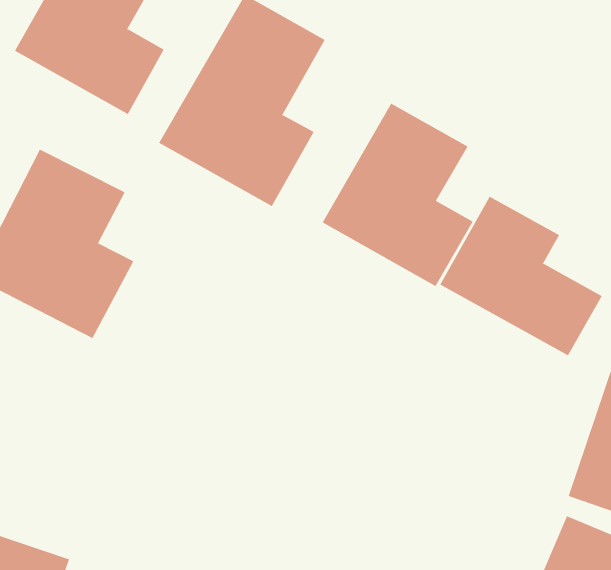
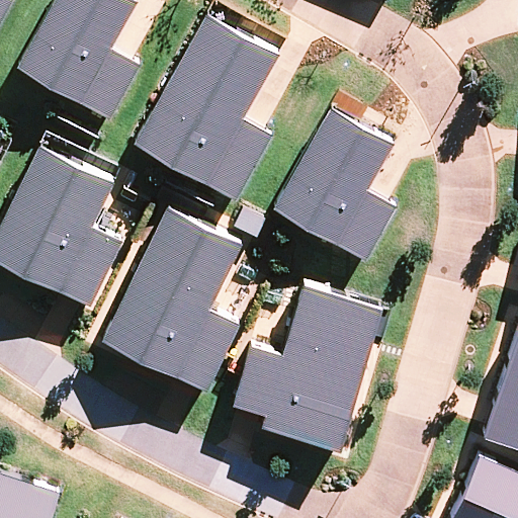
building: [439,196,602,356] -> none
building: none -> [104,209,240,390]
building: none -> [236,285,380,447]

